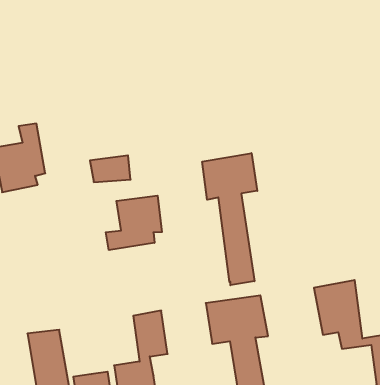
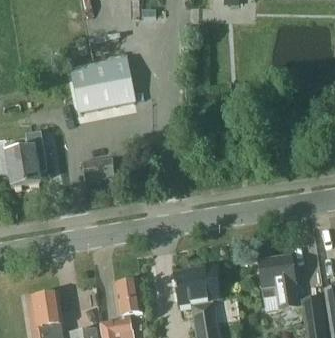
building: none -> [69,56,134,111]
building: [202,153,257,285] -> none
building: [106,196,162,250] -> none

